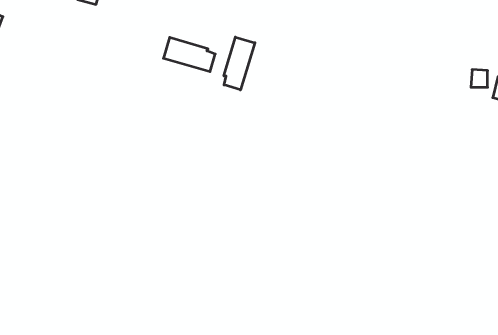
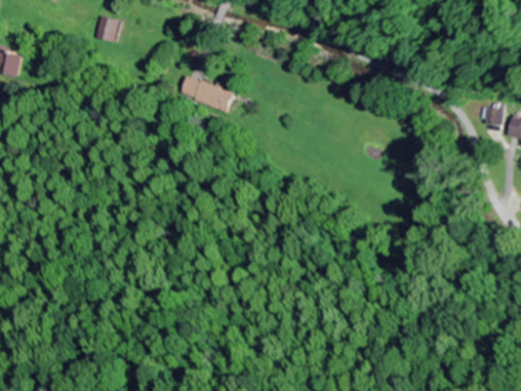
building: [224,37,255,90] -> none

